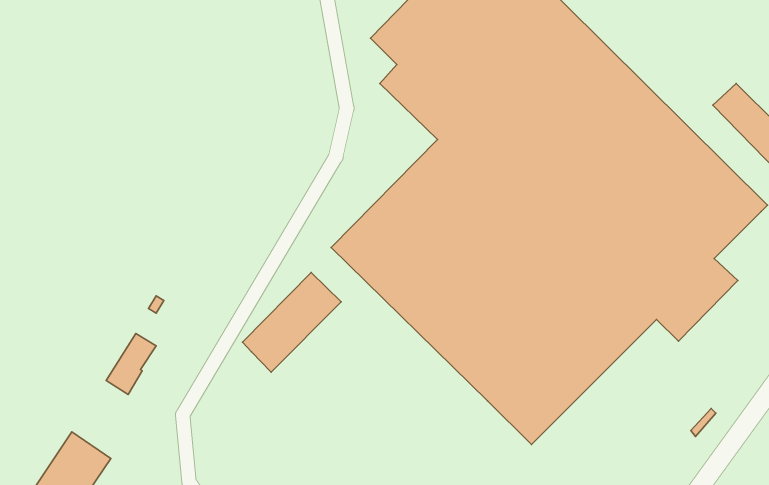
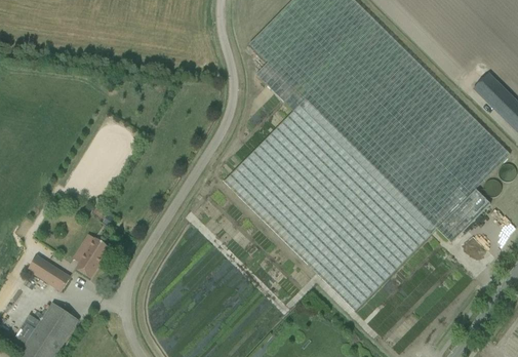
building: [243,272,341,372] -> none
building: none -> [28,254,70,290]

